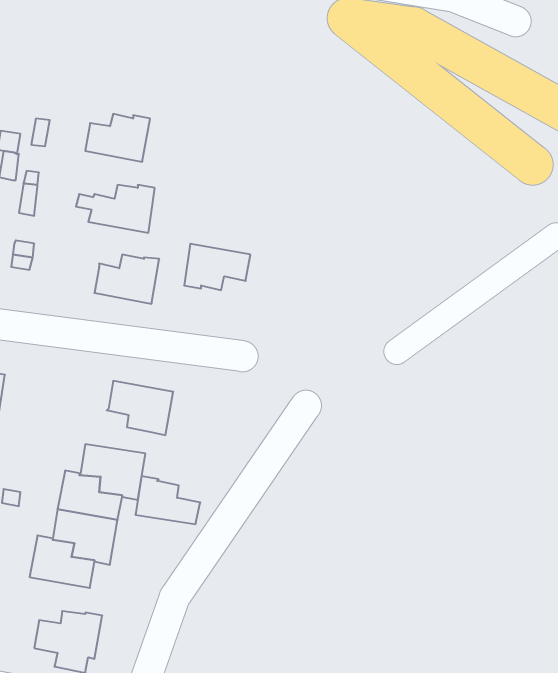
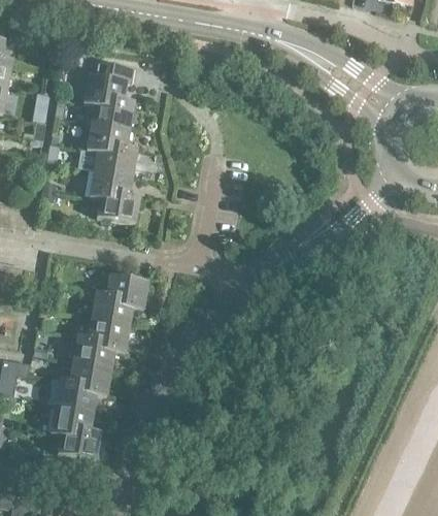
building: none -> [82,61,133,104]
building: none -> [85,121,128,153]
building: [184,244,250,290] -> [88,168,132,199]
building: [135,476,200,524] -> [90,291,133,323]
building: none -> [47,406,93,437]

